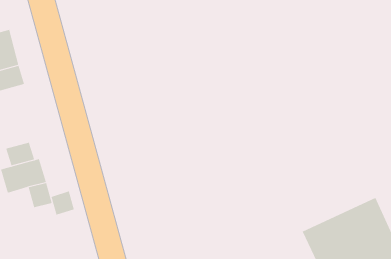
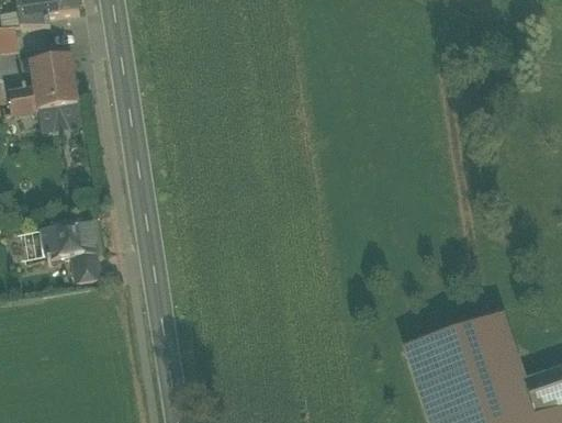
building: [6,142,35,166] -> none
building: [51,191,75,216] -> none

